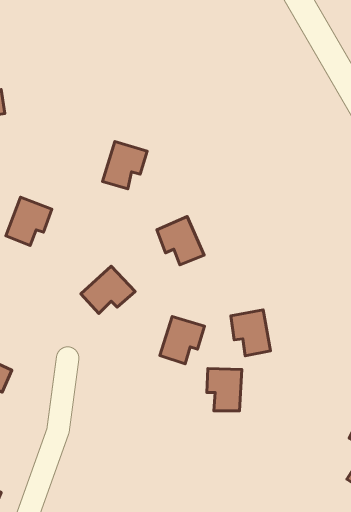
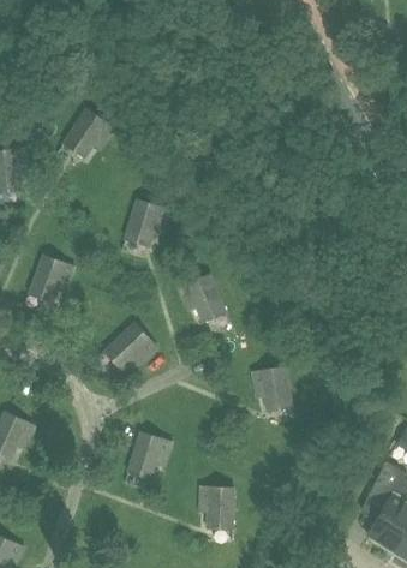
building: none -> [62,109,113,157]
building: [160,317,205,364] -> [126,432,170,479]
building: [207,368,242,411] -> [198,486,233,528]

